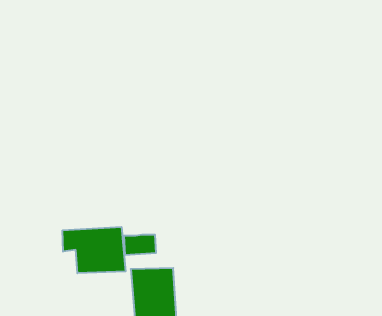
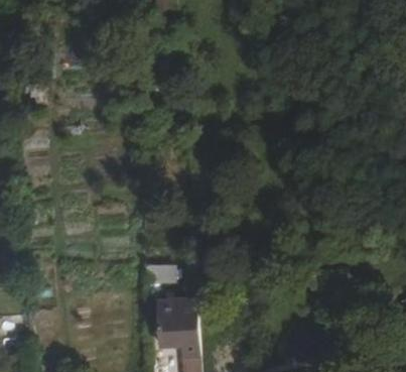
building: [63,227,126,273] -> none

